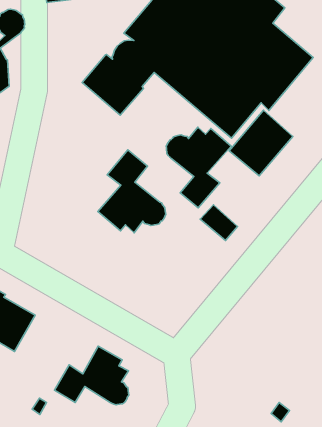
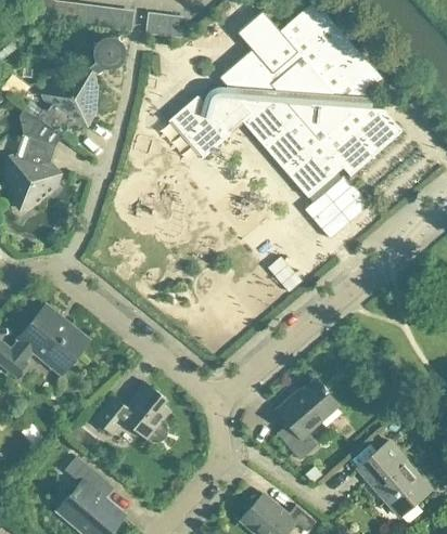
building: [166,127,231,208] -> none
building: [98,150,166,233] -> none
building: none -> [276,378,337,459]

